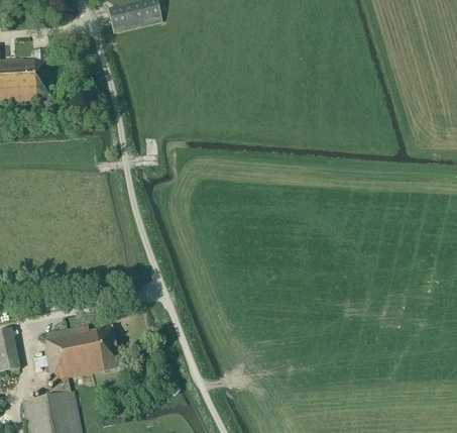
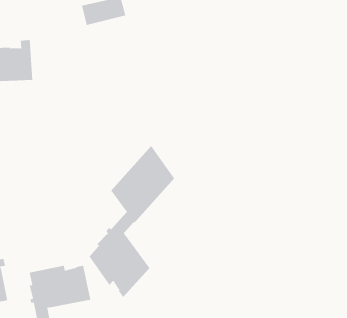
building: none -> [89,145,175,298]

